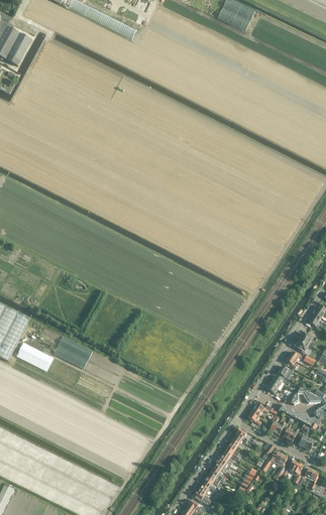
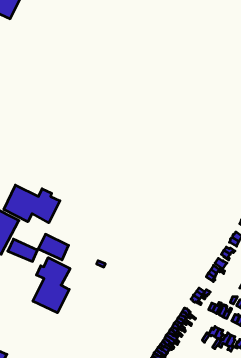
building: none -> [4,185,60,223]
building: none -> [33,258,70,313]

